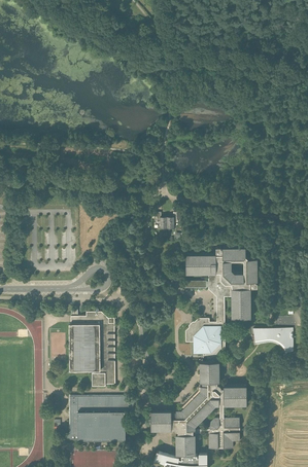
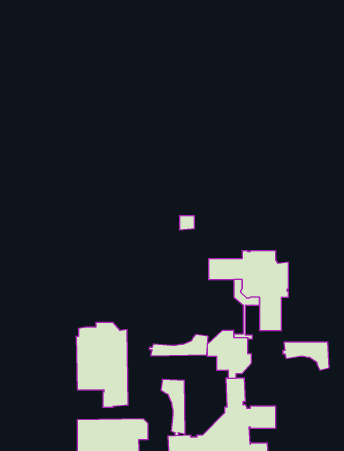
building: none -> [149,334,208,356]
building: none -> [161,379,185,436]

